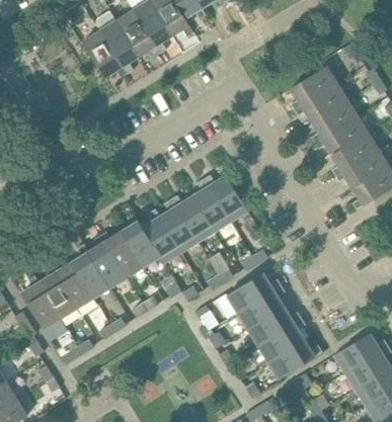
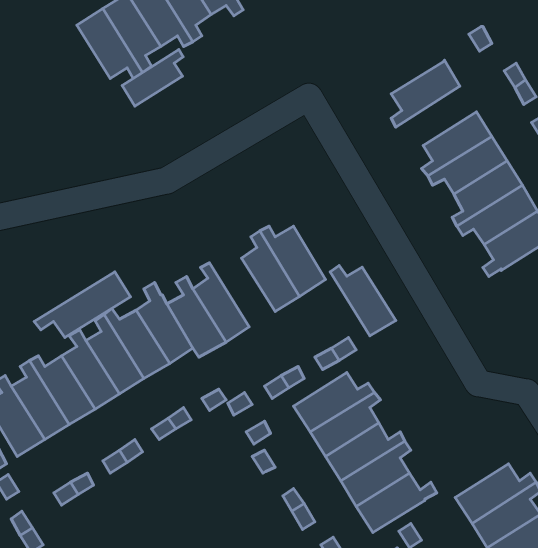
building: none -> [122,49,183,106]
building: [294,82,347,121] -> none
building: [170,195,214,242] -> [330,266,396,336]
building: none -> [34,272,131,337]

